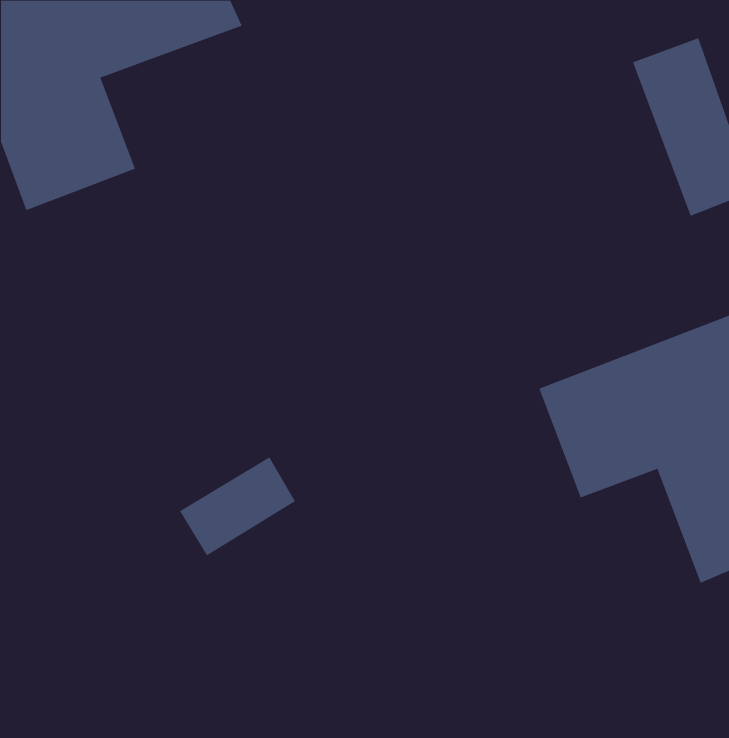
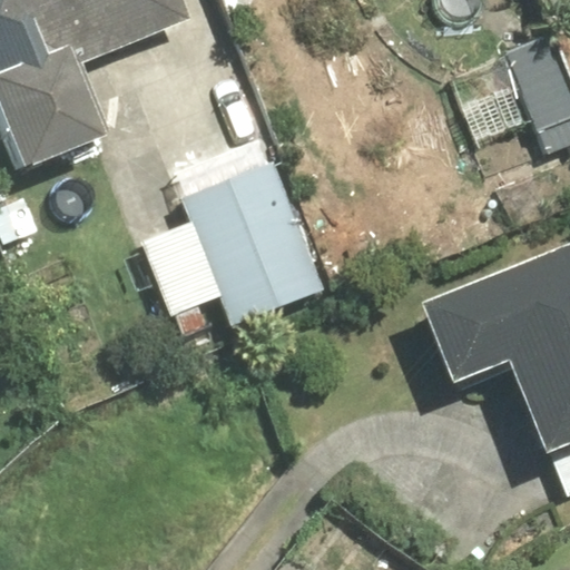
building: none -> [129,168,317,333]

